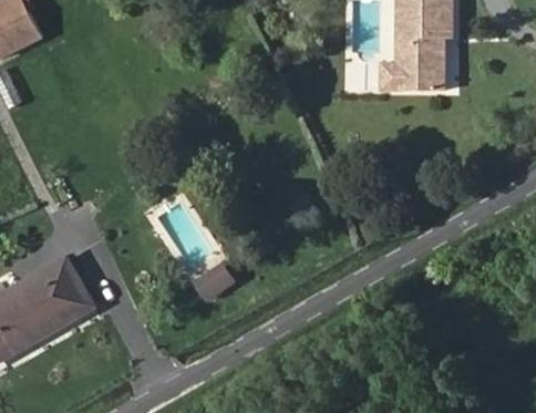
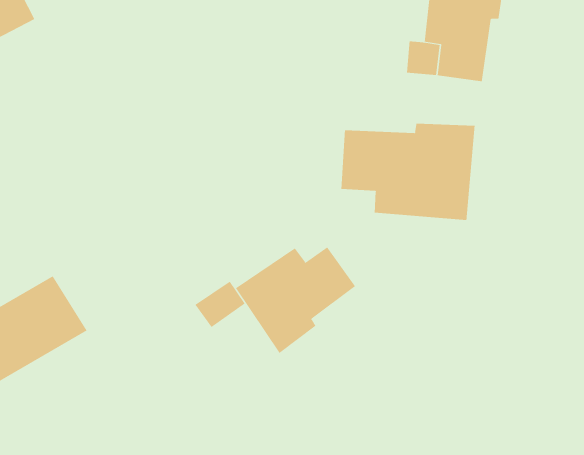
building: none -> [341,123,475,221]
building: none -> [235,246,356,354]

